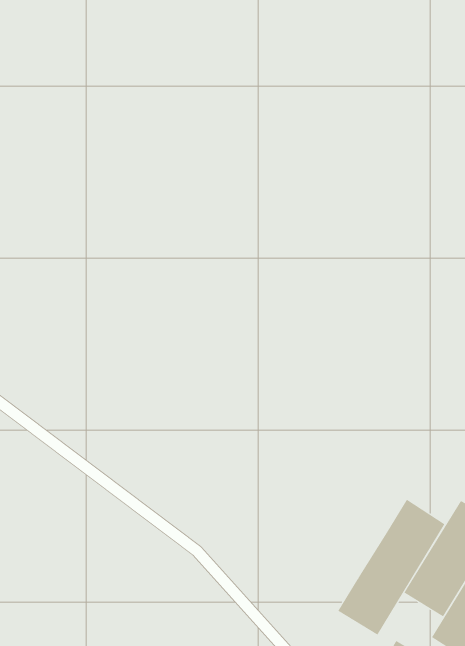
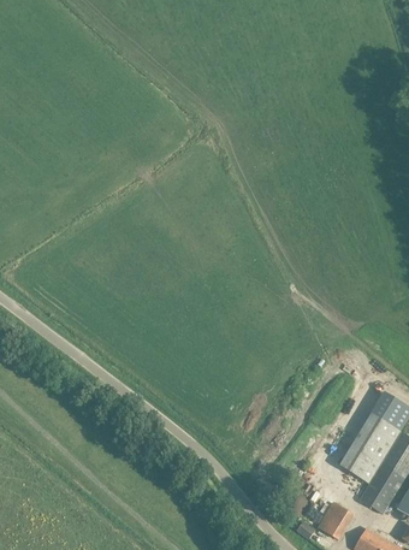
building: [338,499,445,635] -> none

